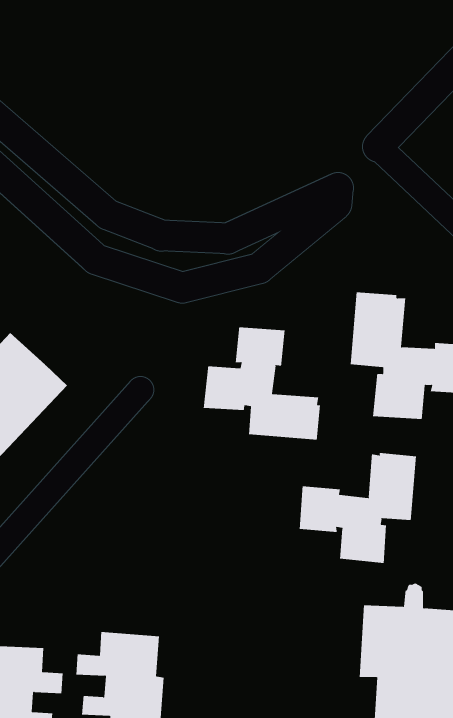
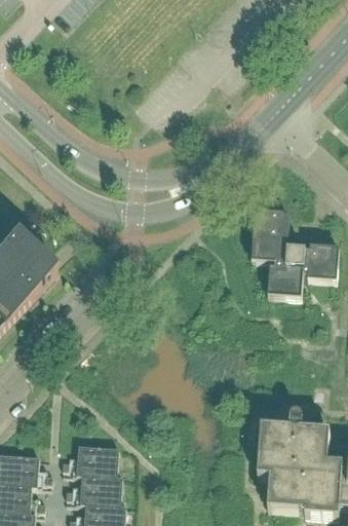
building: [203,326,320,440] -> none
building: [299,452,416,564] -> none

